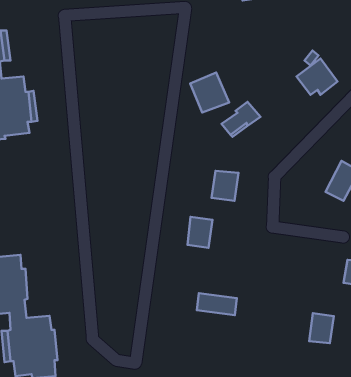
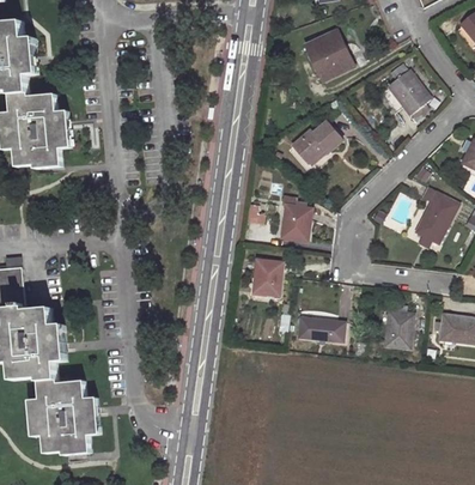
building: [190,73,229,113] -> [304,32,351,80]
building: [197,293,237,315] -> [298,319,346,345]
building: [309,313,334,343] -> [384,310,414,346]

